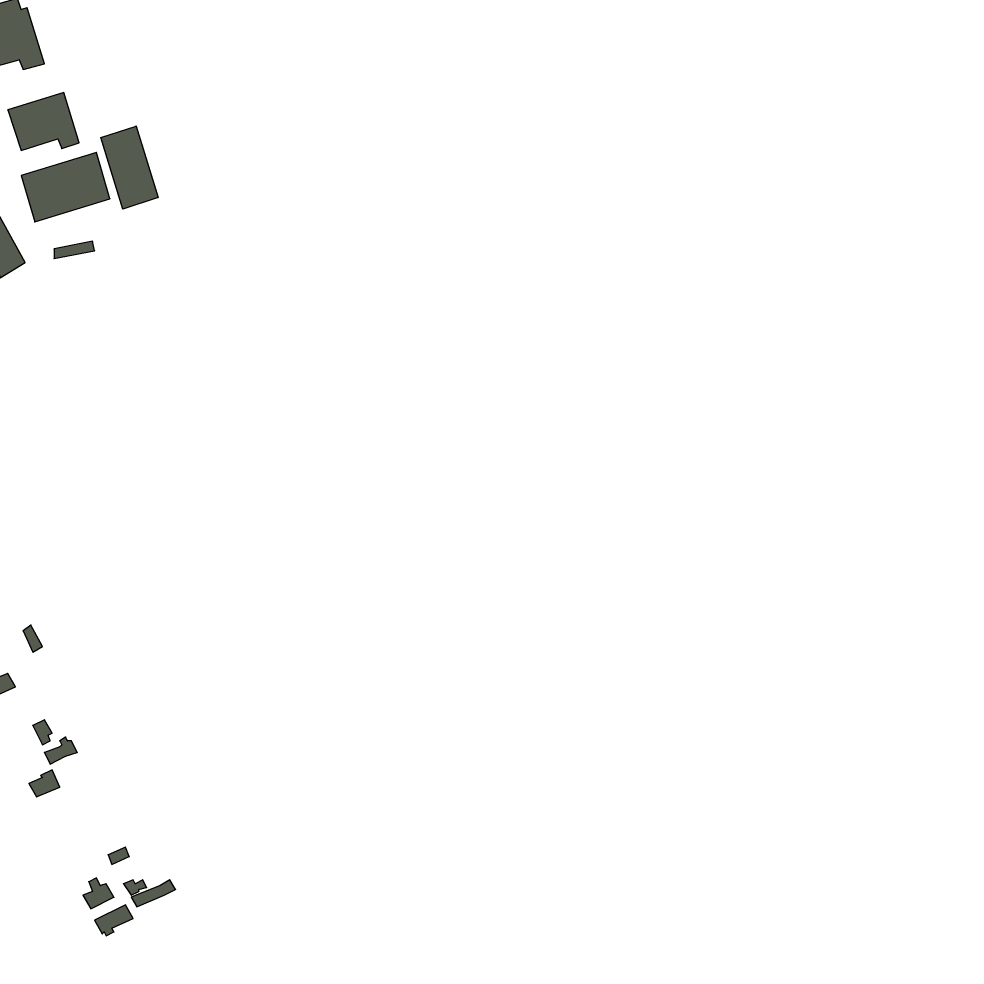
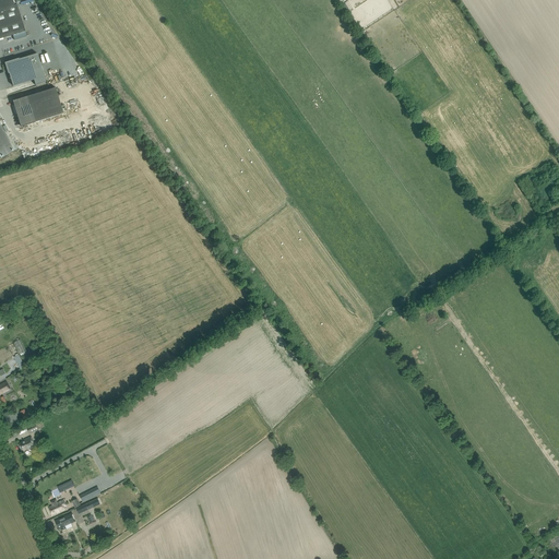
building: [101,126,158,209] -> none

